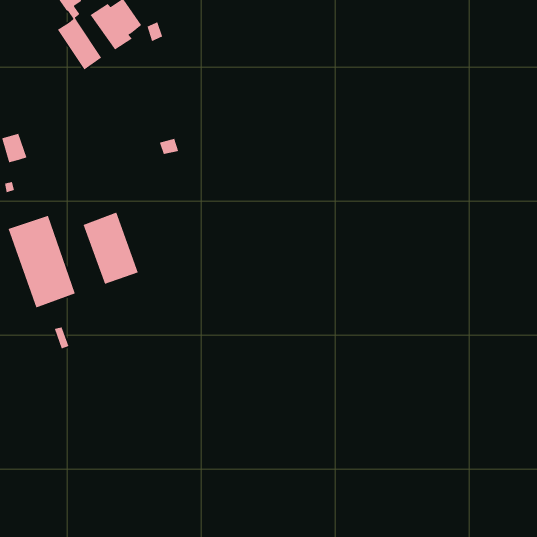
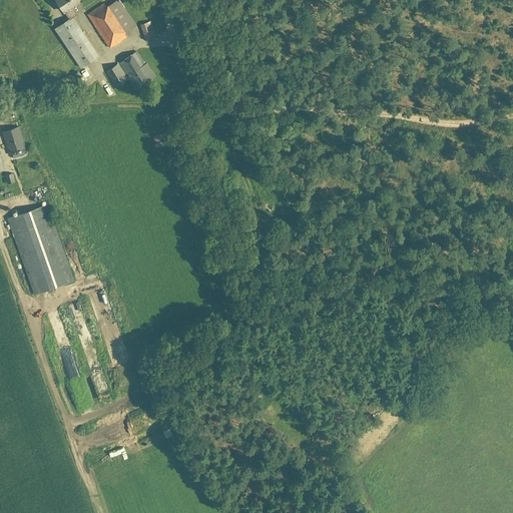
building: none -> [105,51,155,90]
building: [83,211,139,285] -> none

